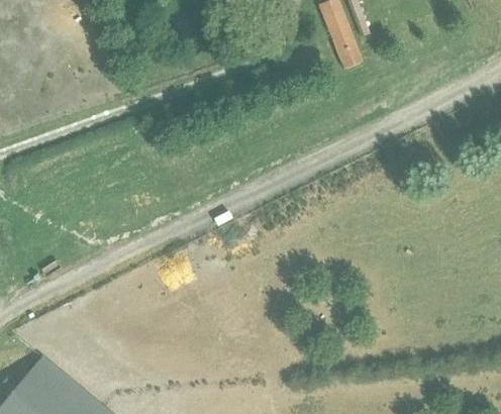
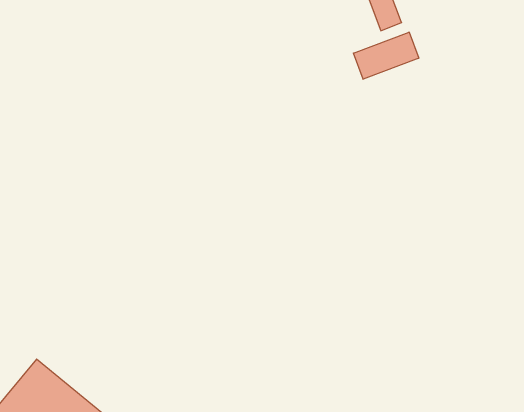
building: none -> [353,32,419,79]

